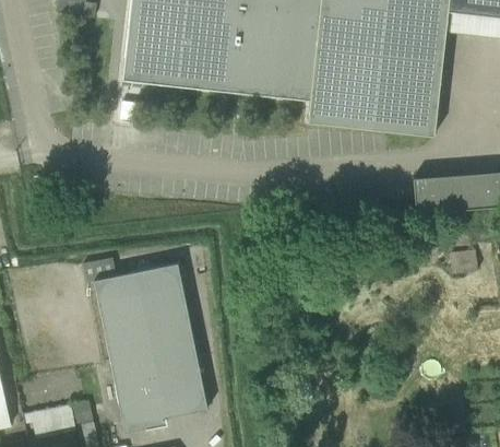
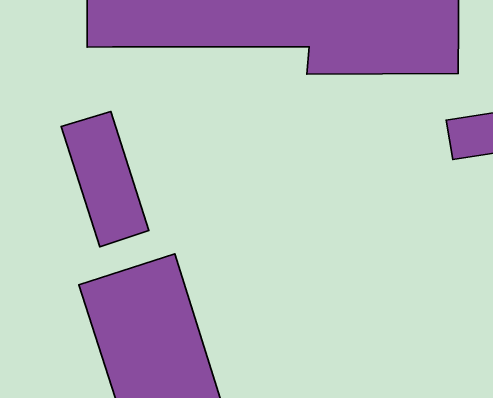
building: none -> [61,111,149,247]

